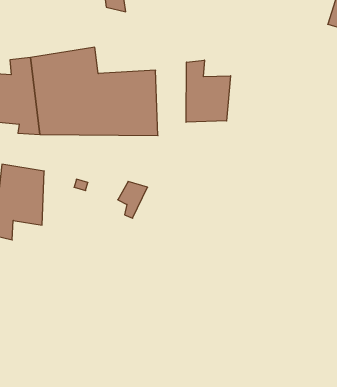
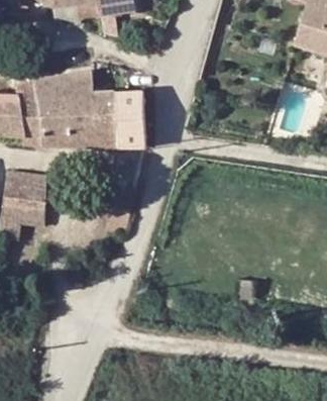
building: [186,60,231,122] -> none

